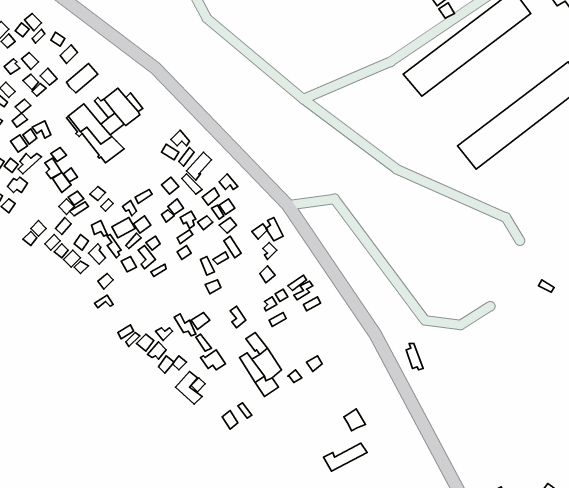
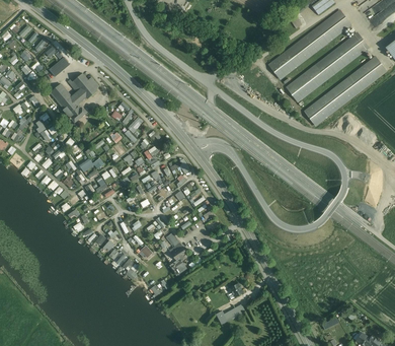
building: none -> [286,32,368,101]

